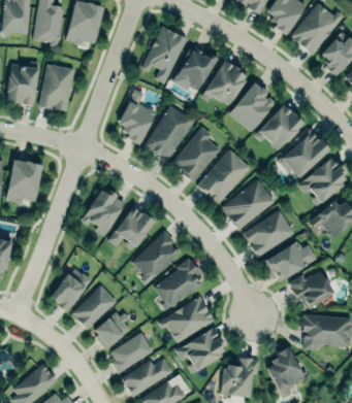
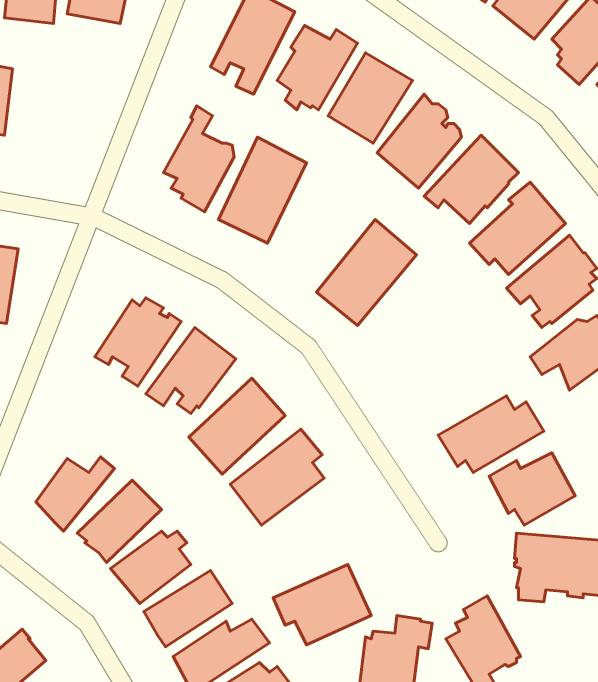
building: [38,64,74,111] -> none
building: [173,127,219,182] -> none
building: [220,179,275,230] -> none
building: [243,210,294,257] -> none
building: [157,296,214,343] -> none

